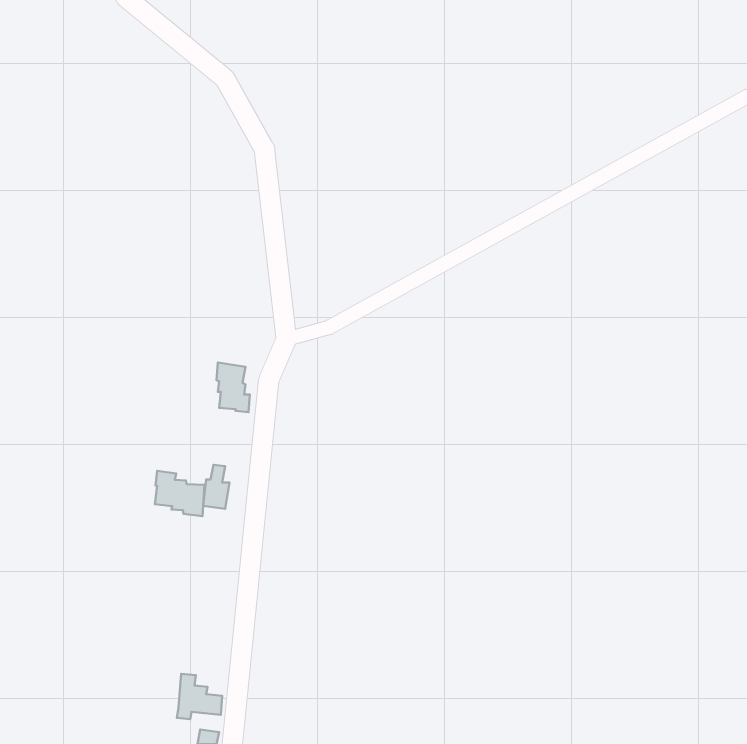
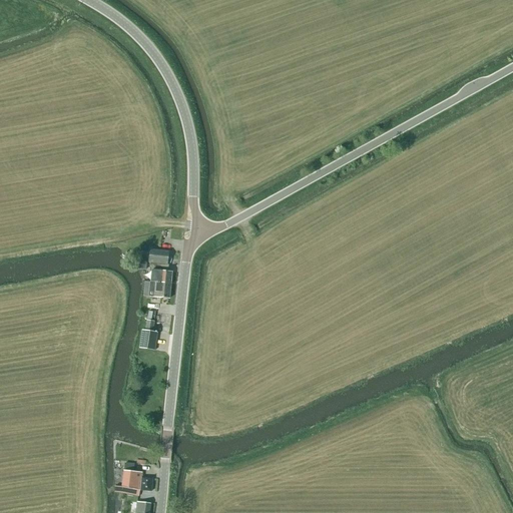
building: none -> [143,280,170,298]
building: [155,471,204,516] -> none

